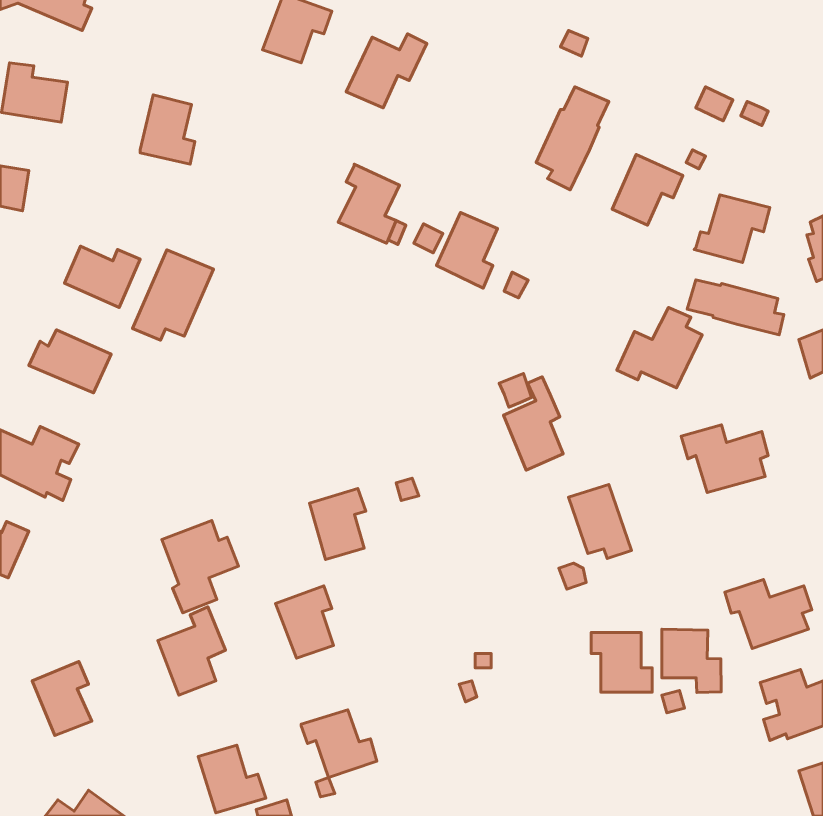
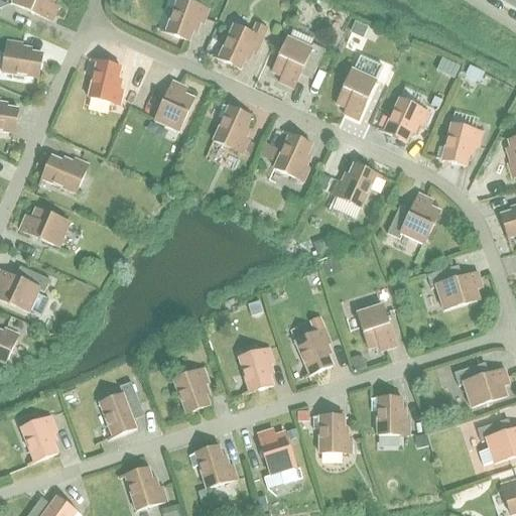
building: none -> [271,36,325,87]
building: none -> [154,80,194,131]
building: [133,250,213,340] -> none
building: none -> [331,162,375,207]
building: [687,280,784,335] -> none
building: [503,377,563,470] -> [294,315,332,374]
building: [309,489,366,559] -> [238,347,273,391]
building: [162,520,239,613] -> none
building: [662,629,721,692] -> none
building: none -> [311,414,351,452]
building: none -> [257,427,296,481]

